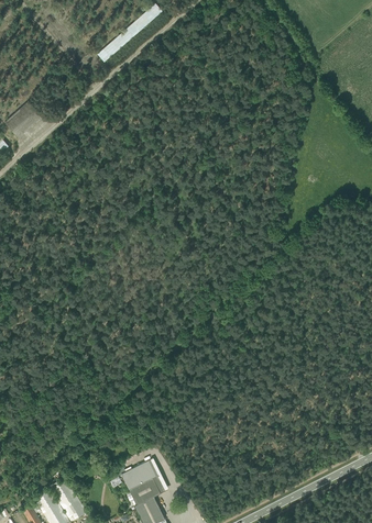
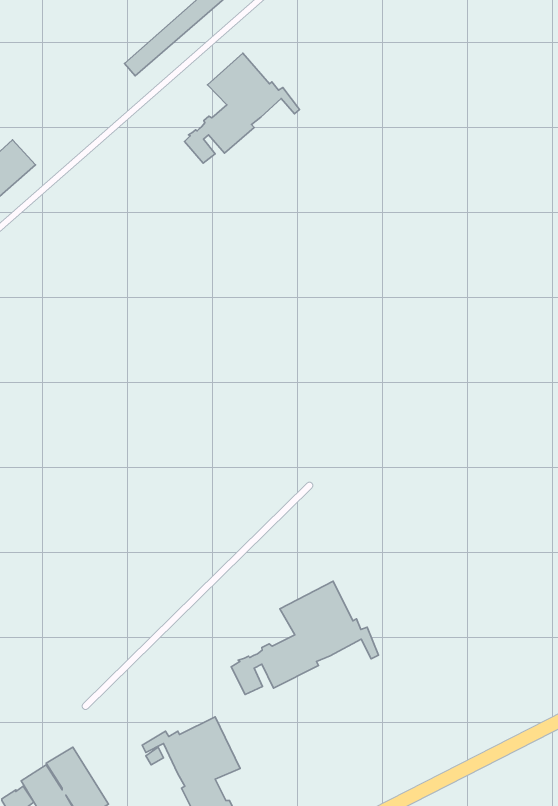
building: none -> [185,53,300,163]
building: none -> [231,581,379,694]

